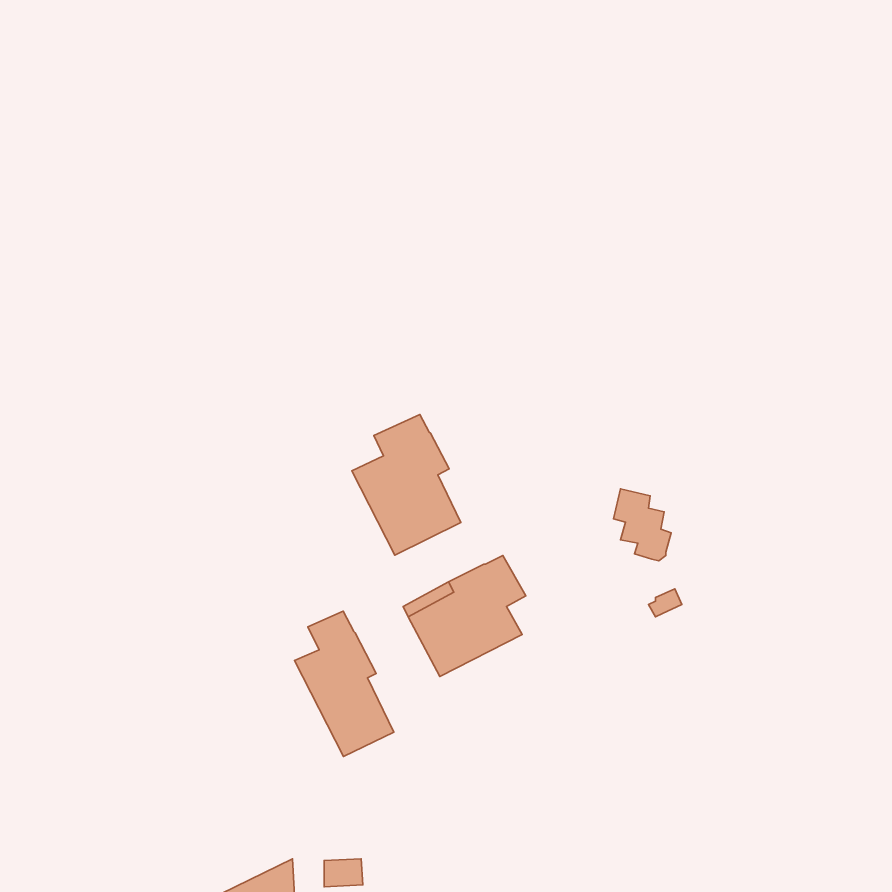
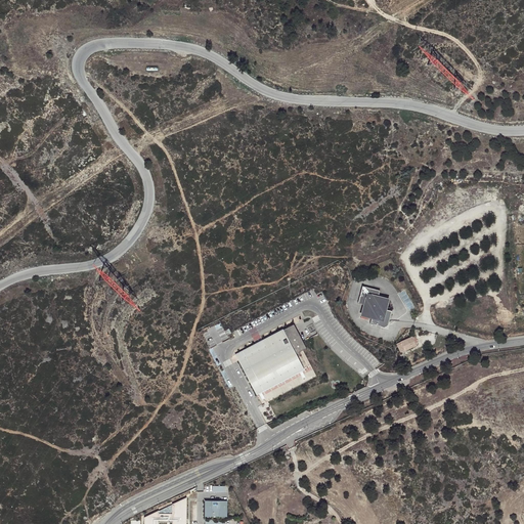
building: [352,414,461,555] -> none
building: [294,611,394,756] -> none

